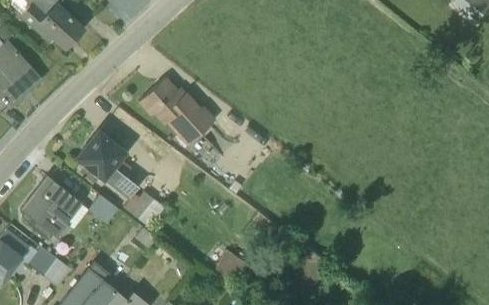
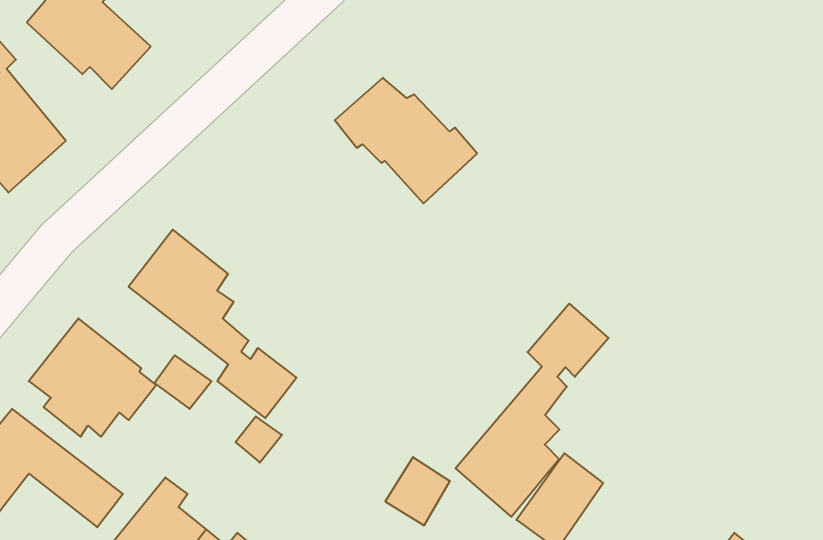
building: [139,78,216,146] -> [335,78,477,203]
building: none -> [456,304,609,517]

